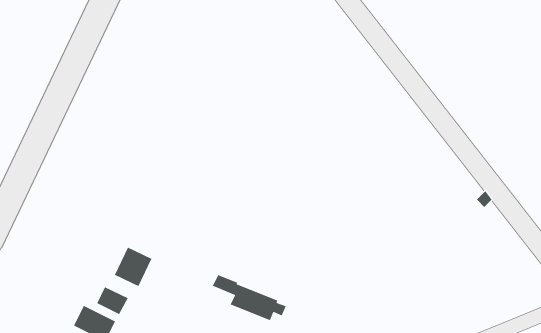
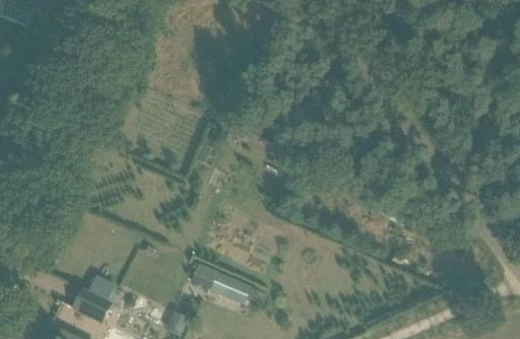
building: [114,247,152,287] -> none

